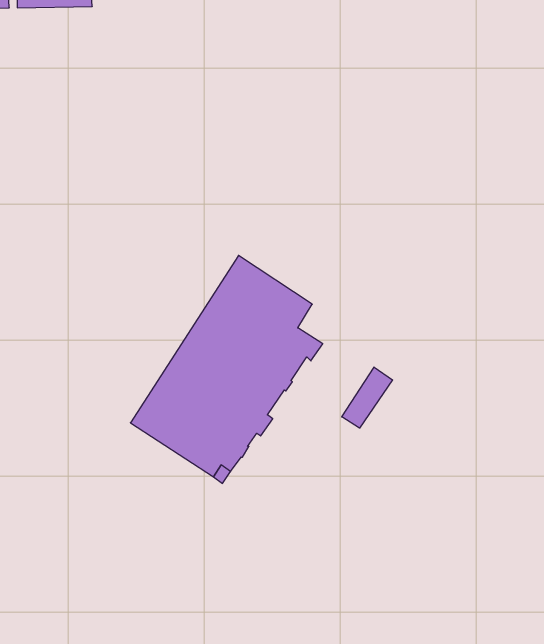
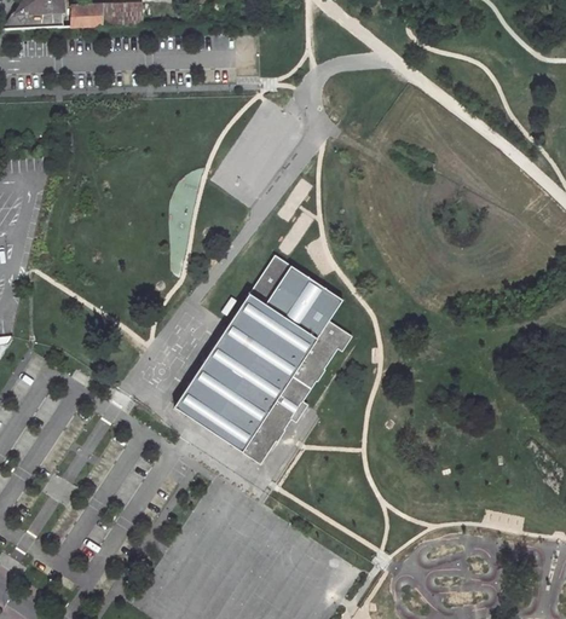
building: [342,367,393,428] -> none

